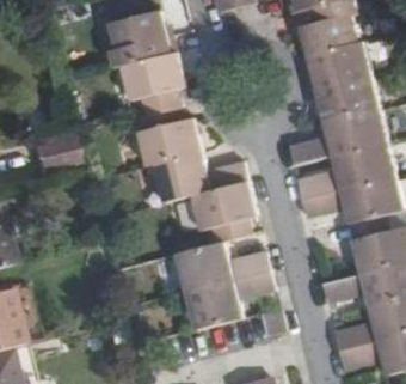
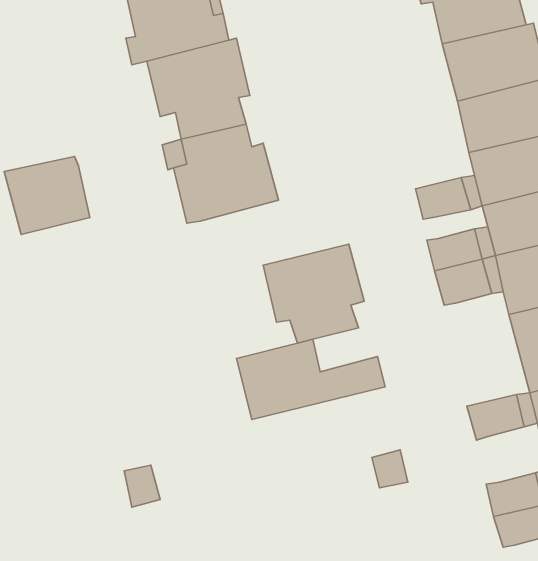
building: [153,152,246,201] -> none
building: [185,269,273,330] -> none

